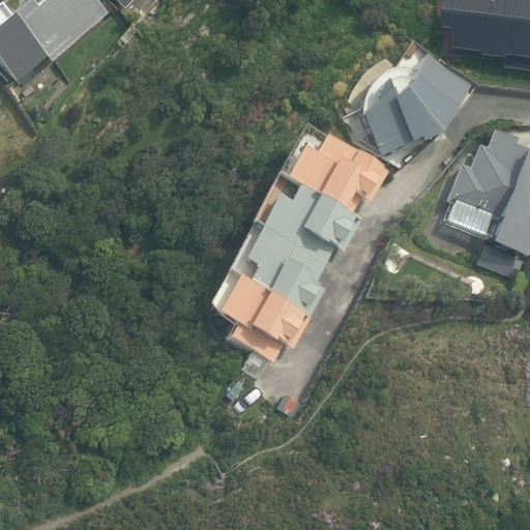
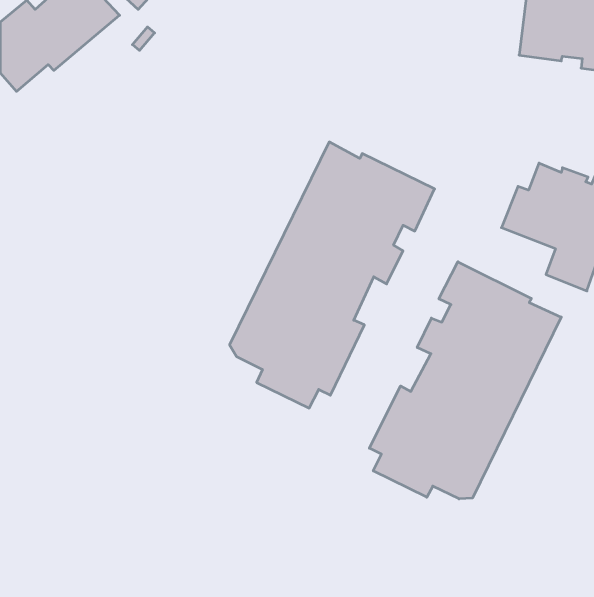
building: [360,54,472,154] -> none
building: none -> [369,262,561,499]

